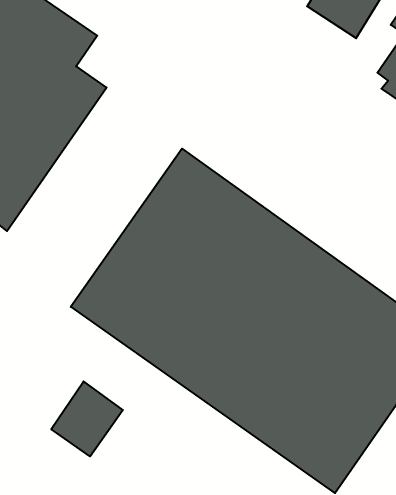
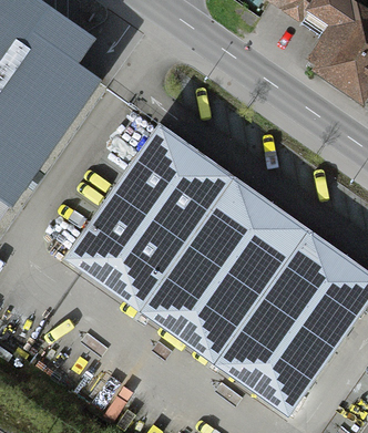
building: [51,381,123,456] -> none

